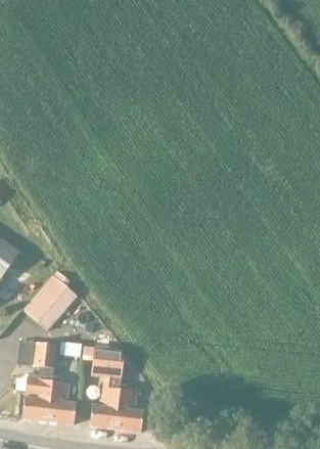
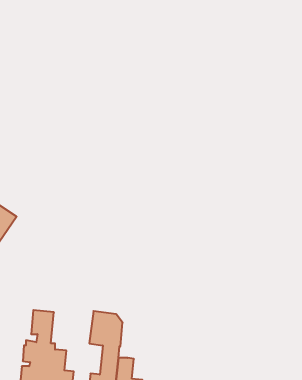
building: [24,270,76,327] -> none

